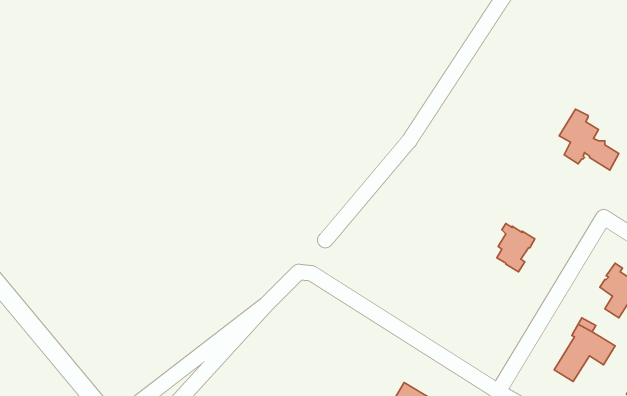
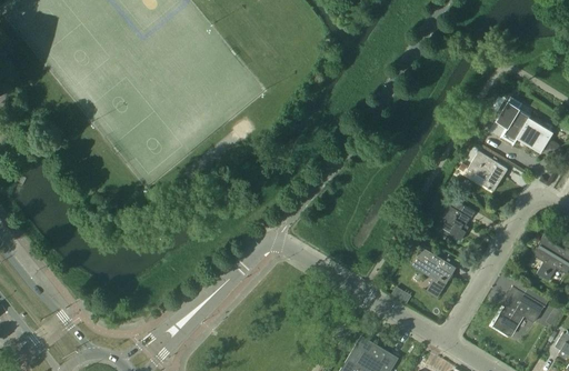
building: none -> [467,151,508,192]
building: none -> [410,247,457,299]

